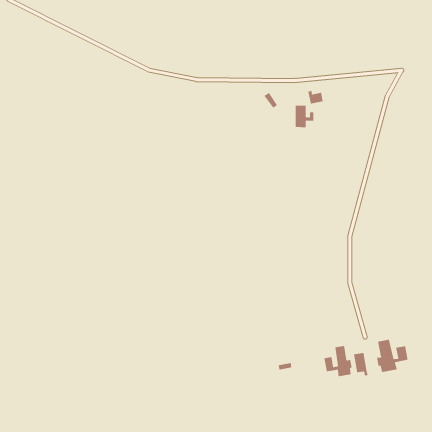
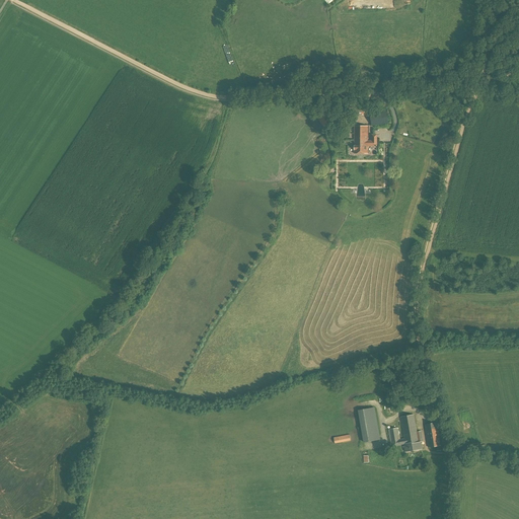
building: [377,339,408,373] -> none
building: none -> [357,406,379,441]

